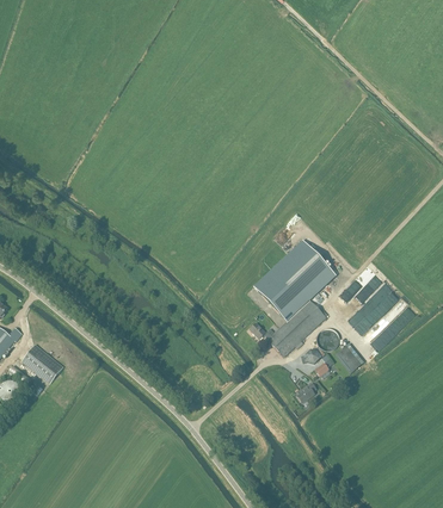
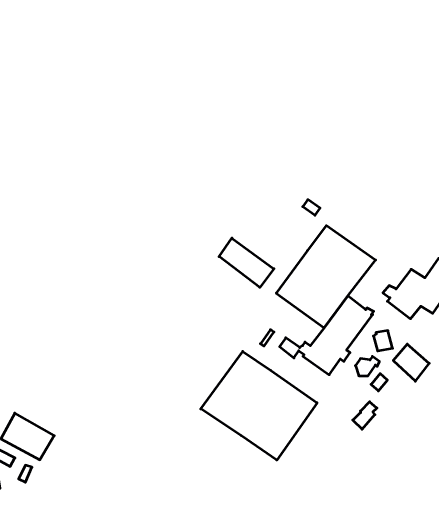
building: none -> [219,238,274,287]
building: none -> [201,351,317,460]

